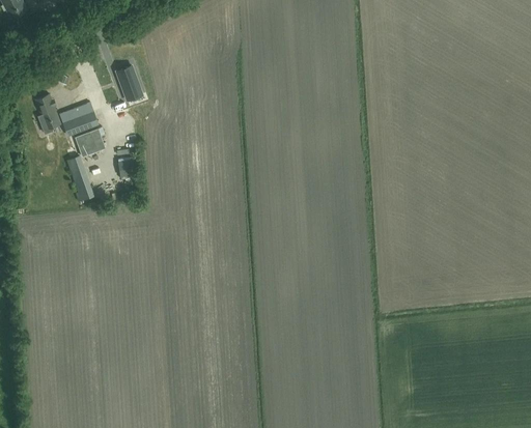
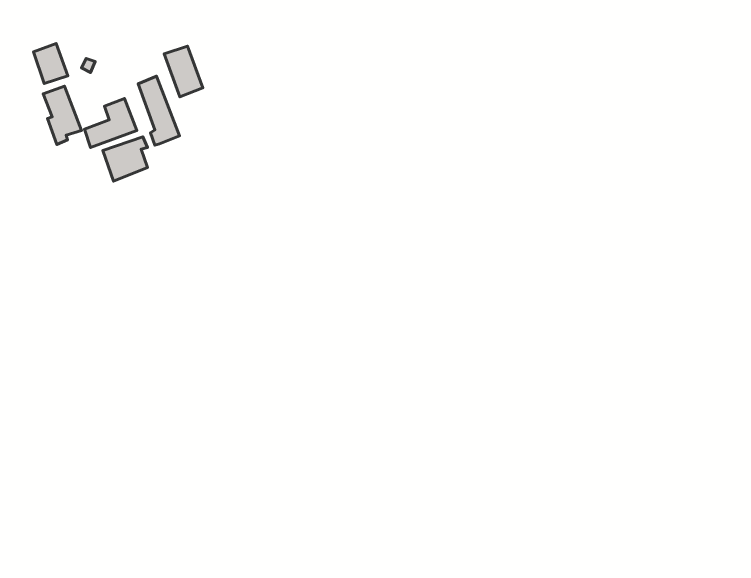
building: none -> [34,43,68,83]
building: [66,155,94,202] -> [138,76,180,145]

